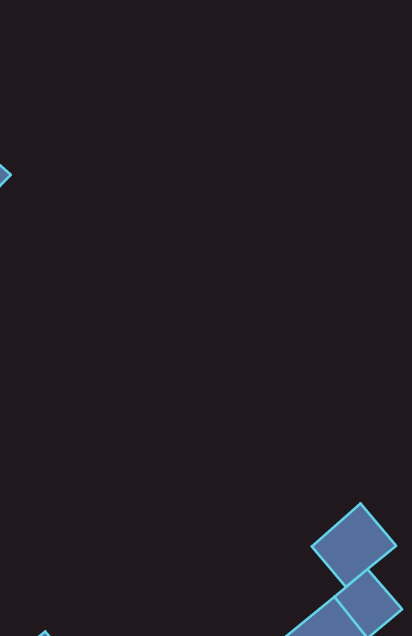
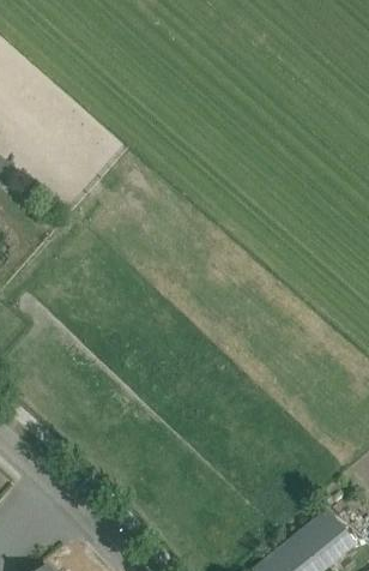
building: [312,503,396,587] -> none

